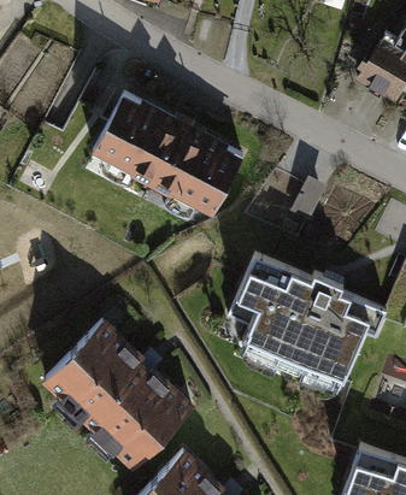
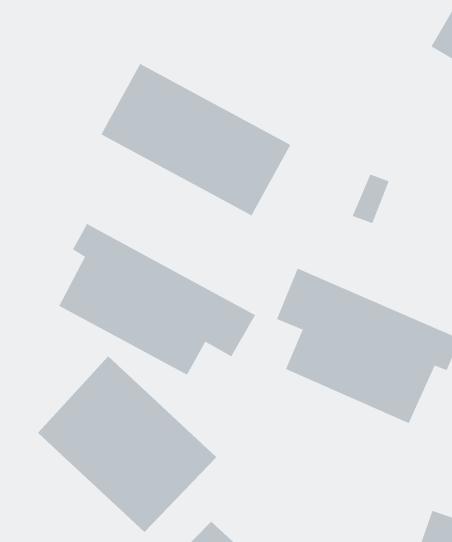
building: none -> [59,223,256,375]

